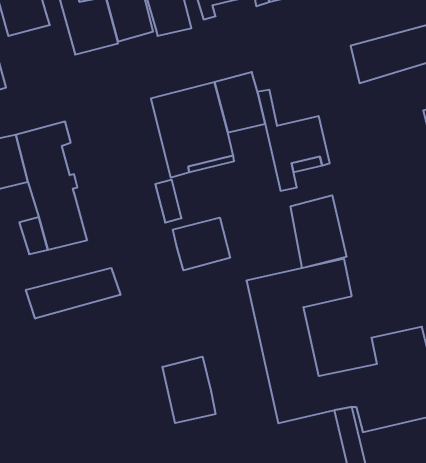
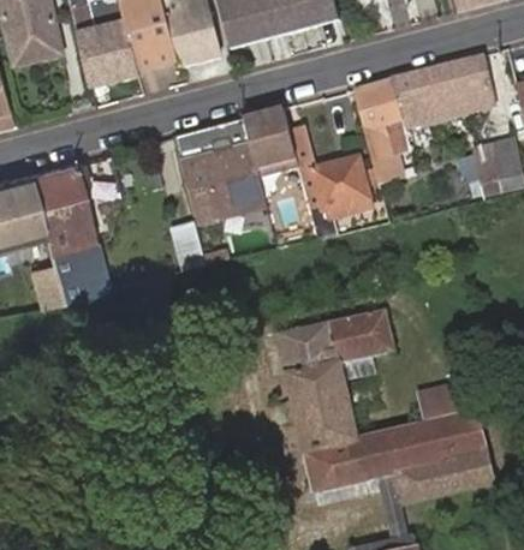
building: none -> [356,78,403,187]
building: [291,195,347,268] -> none
building: [173,218,230,270] -> none
building: [26,268,120,319] -> none
building: [162,357,216,423] -> none

